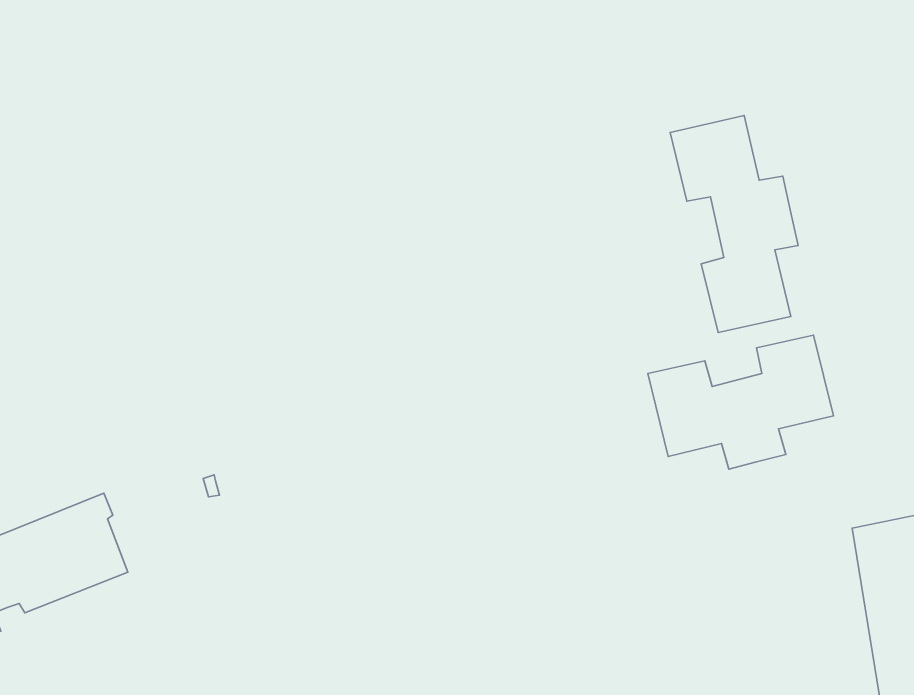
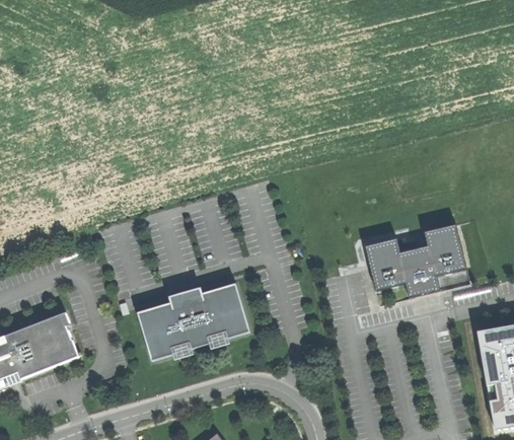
building: [670,115,798,332] -> none
building: none -> [137,283,250,360]

